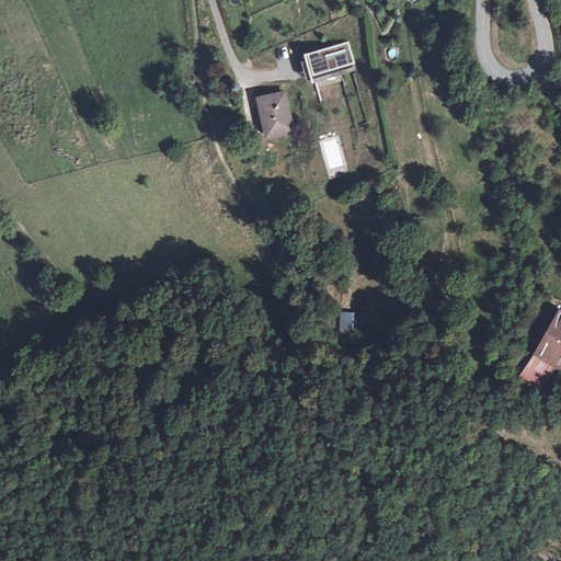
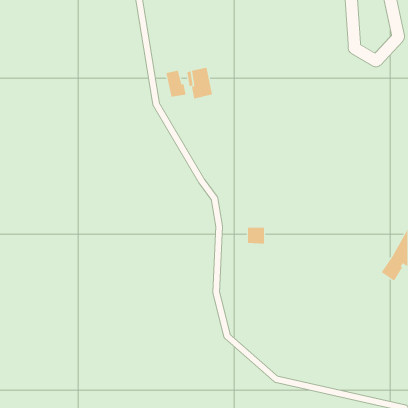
building: [301,43,354,80] -> none
building: none -> [166,70,186,98]

